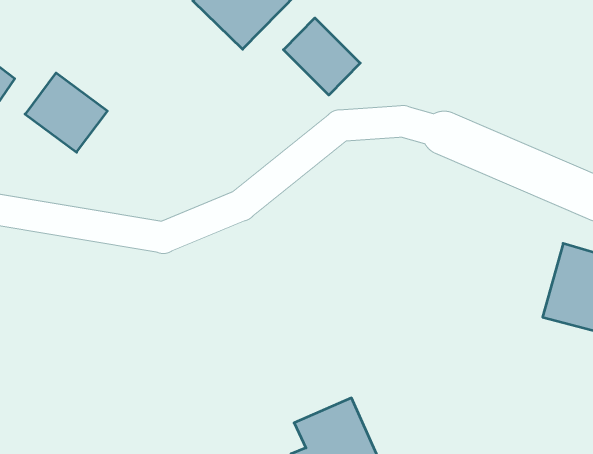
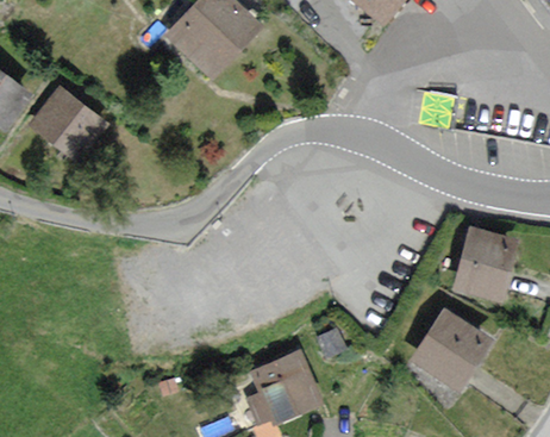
building: [283,18,360,95] -> none
building: none -> [414,313,487,388]

